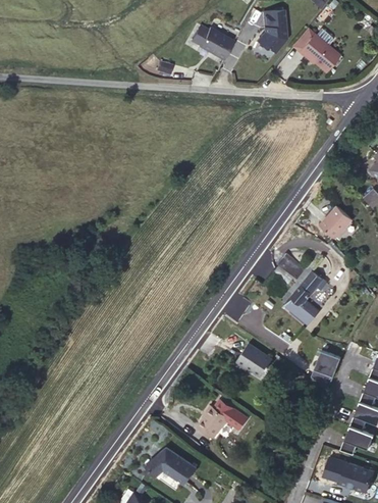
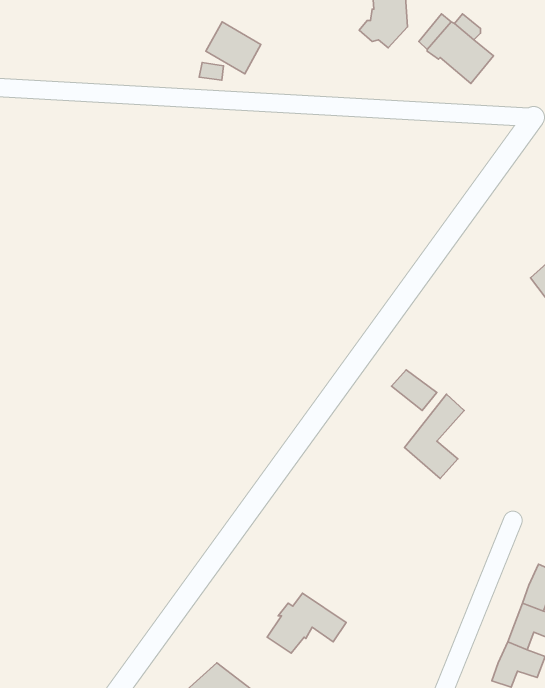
building: [200,28,234,60] -> [206,22,261,74]
building: [320,207,353,240] -> none
building: [233,344,271,376] -> none
building: [311,351,341,389] -> none

